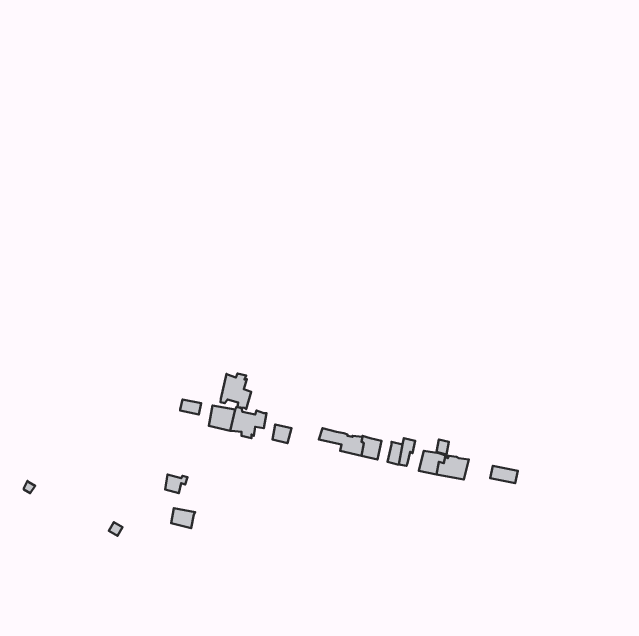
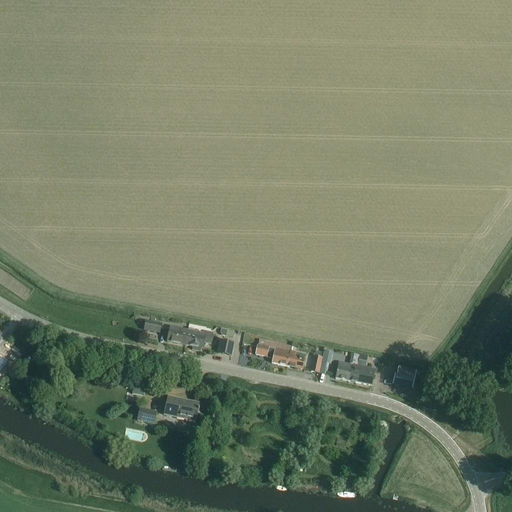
building: [221,374,251,409] -> none
building: none -> [163,394,199,419]

